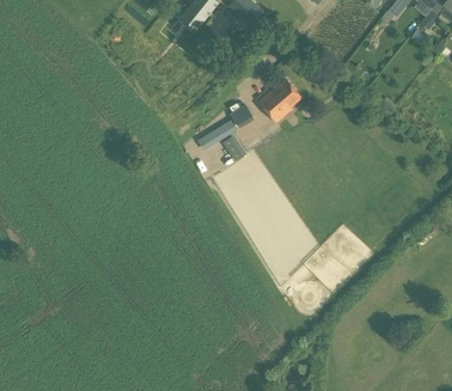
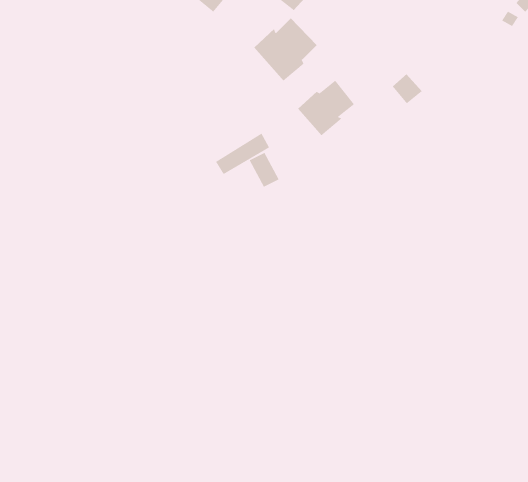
building: none -> [253,17,318,82]

